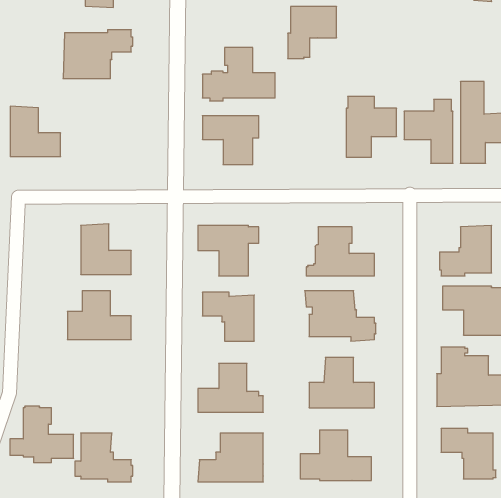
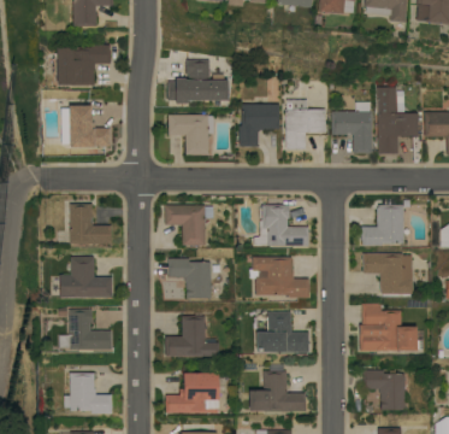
building: [288,7,337,59] -> [240,104,279,146]
building: [10,106,61,157] -> [69,105,110,146]
building: [10,406,74,463] -> [59,307,111,353]

